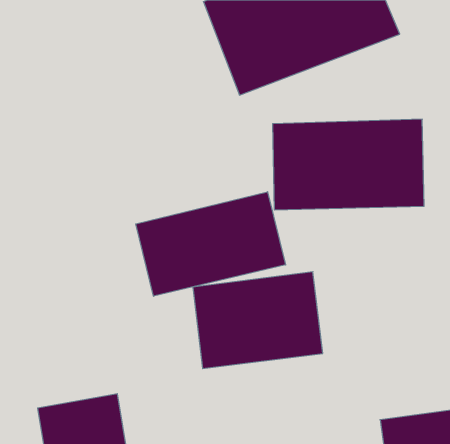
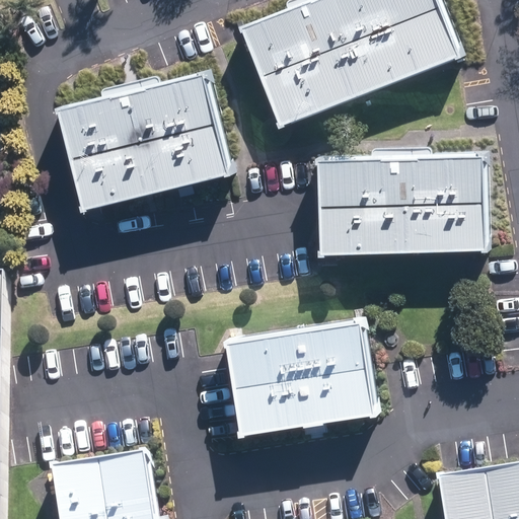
building: none -> [59,63,229,202]
building: [136,192,286,296] -> none

